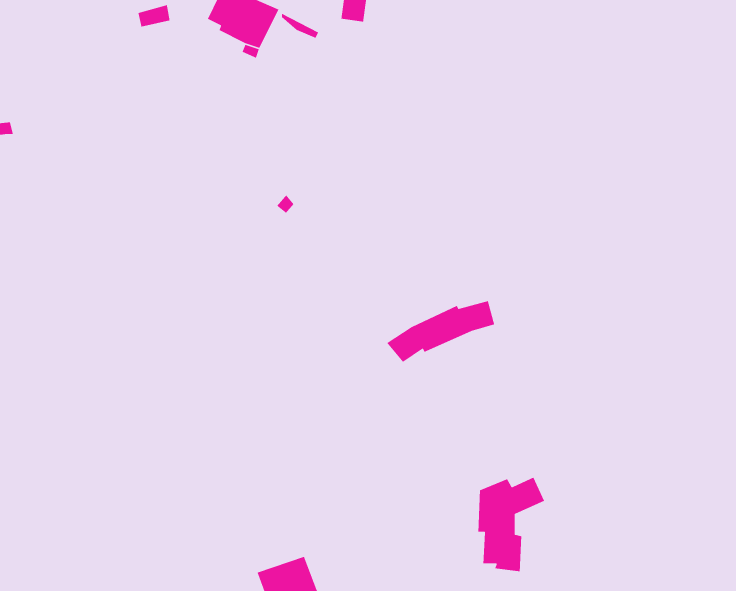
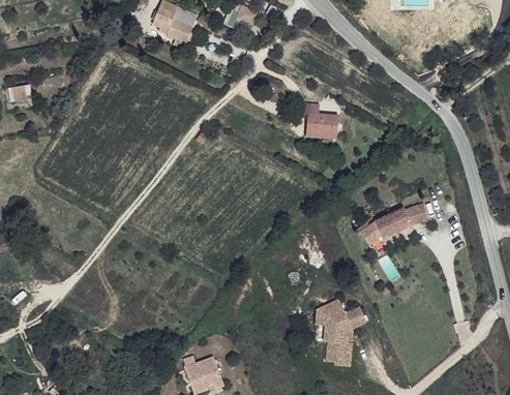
building: none -> [302,102,337,138]
building: [386,300,495,363] -> [357,206,425,245]

